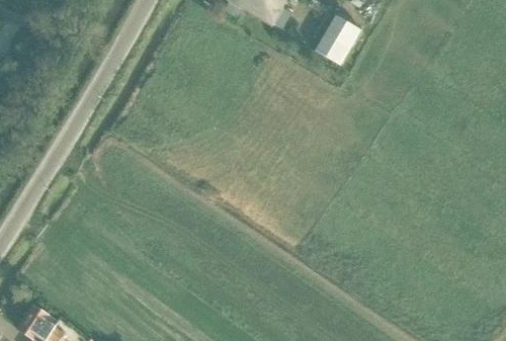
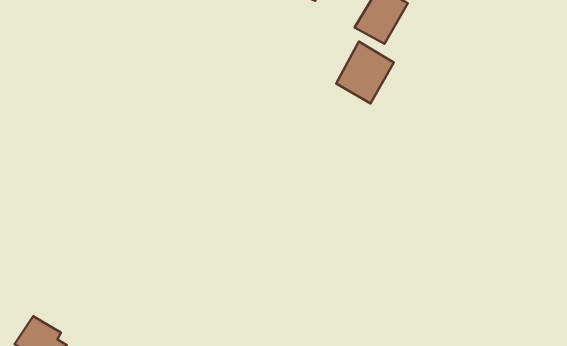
building: none -> [336,42,394,103]

